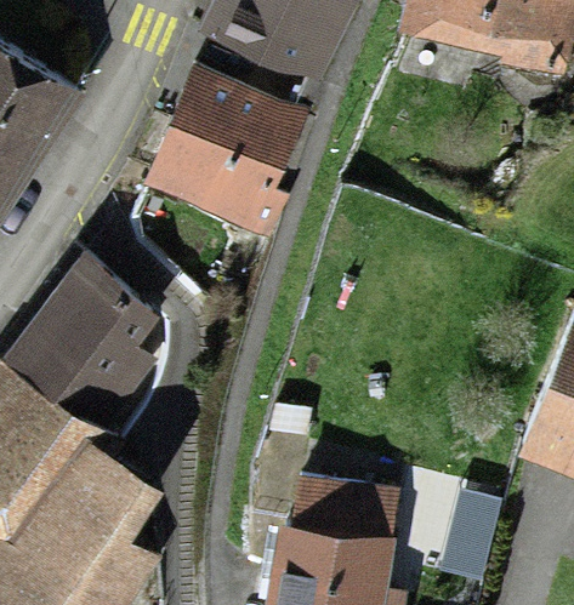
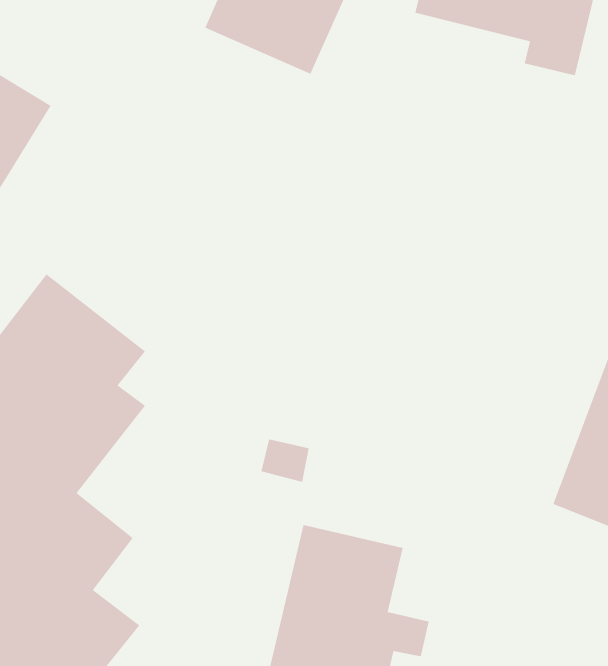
building: [136,64,308,245] -> none

